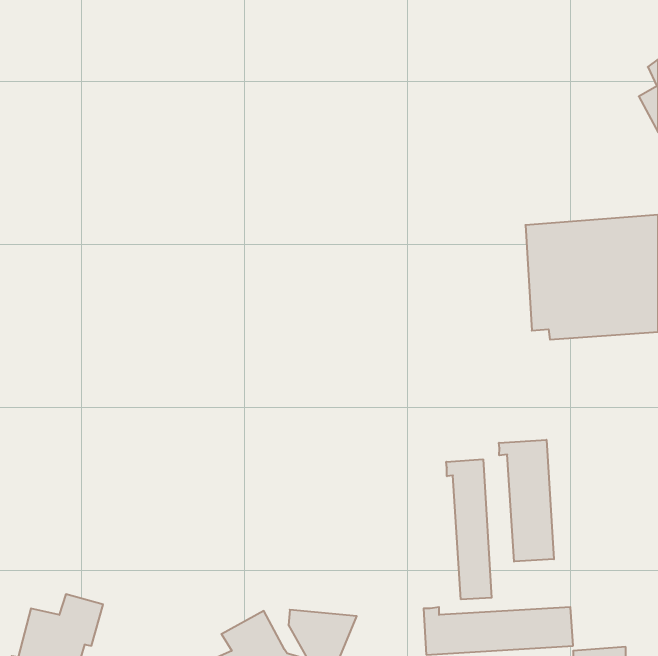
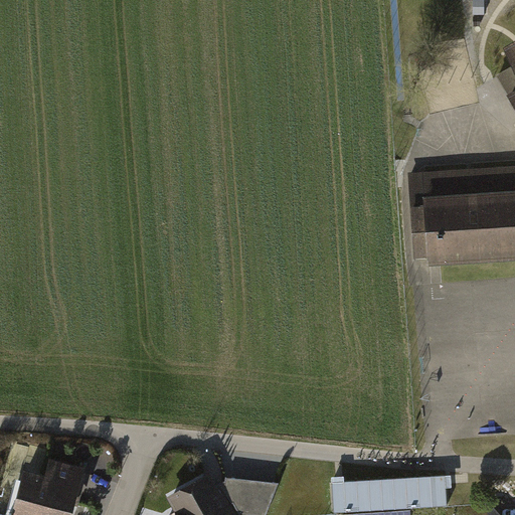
building: [499,440,554,562] -> none
building: [446,459,492,599] -> none

